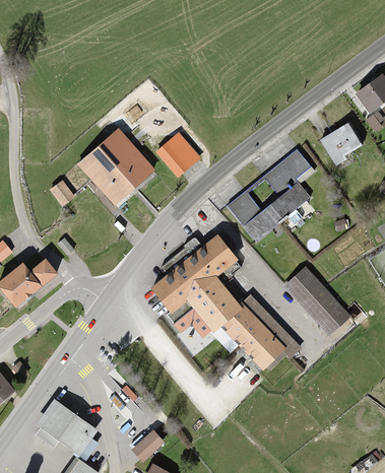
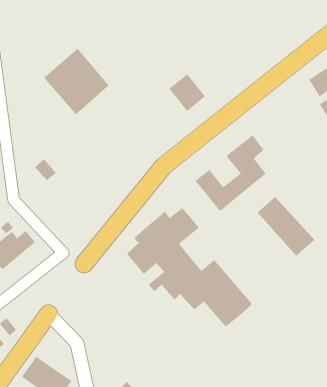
building: [322,124,362,159] -> none
building: [79,130,153,205] -> [43,48,110,115]
building: [157,133,199,176] -> [169,73,206,112]
building: [285,268,350,335] -> [257,196,315,256]

